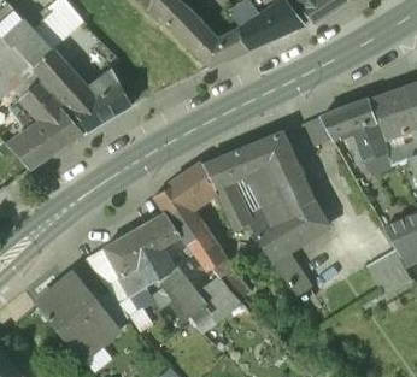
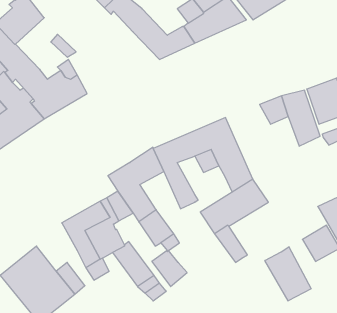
building: [248,195,289,235] -> none
building: none -> [265,247,311,301]

